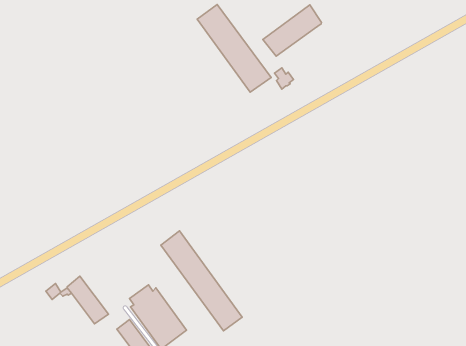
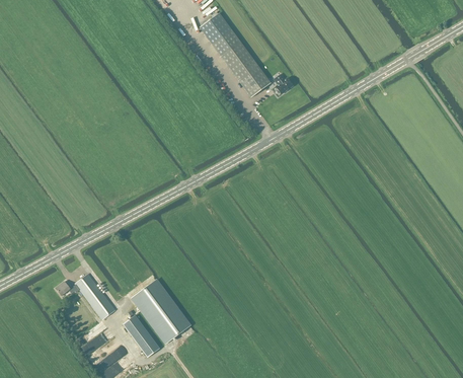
building: [263,5,322,56] -> none
building: [161,231,242,331] -> none

